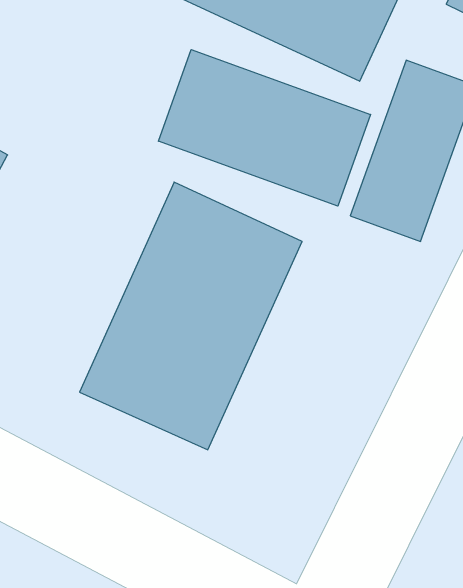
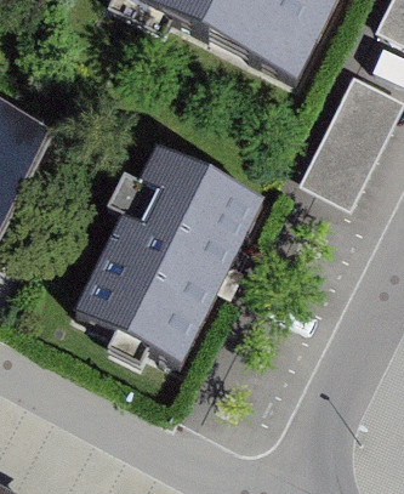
building: [158,50,371,206] -> none

